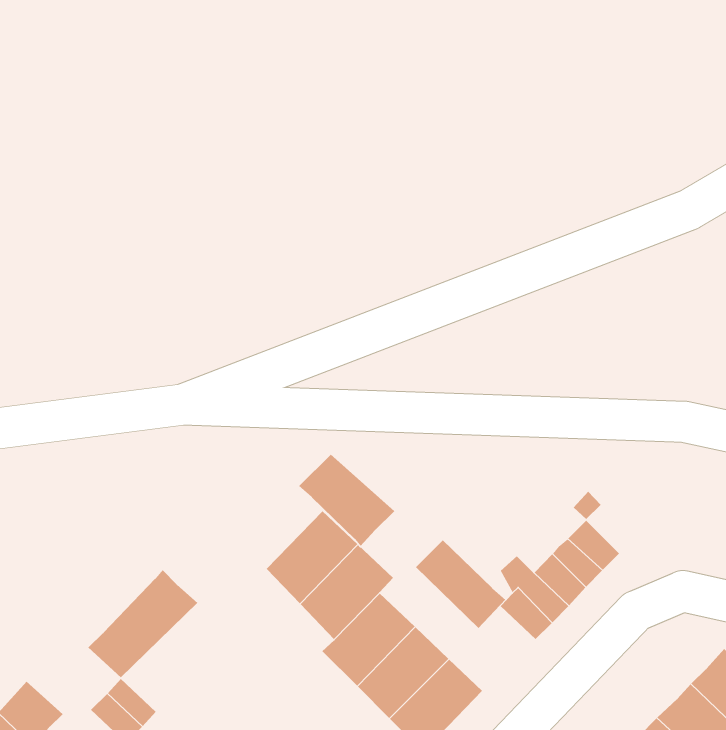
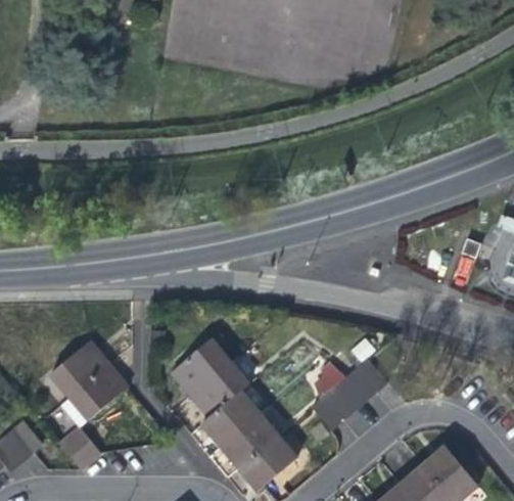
building: [298,454,395,547] -> none
building: none -> [51,341,110,399]
building: [415,540,506,629] -> none

